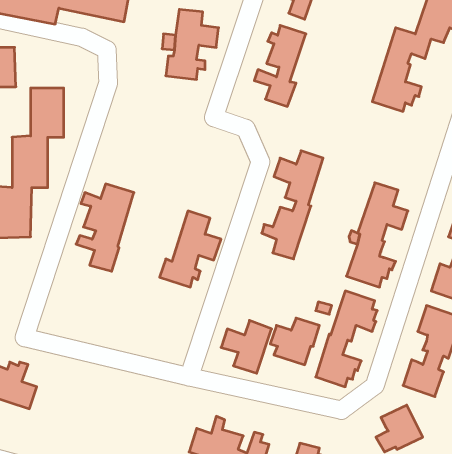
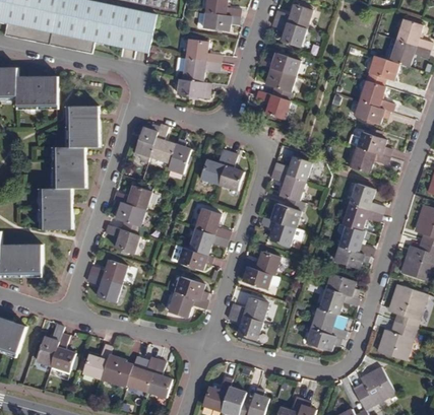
building: none -> [133,125,190,176]
building: none -> [347,130,388,174]
building: none -> [200,149,243,190]
building: none -> [86,261,127,304]
building: none -> [168,275,206,319]
building: [270,318,319,365] -> [241,252,282,290]
building: none -> [82,343,172,398]

